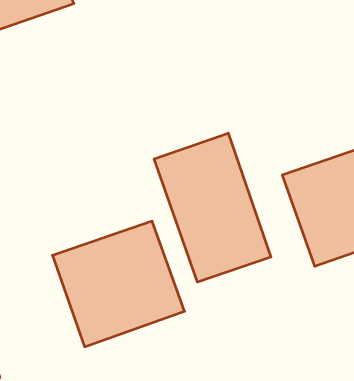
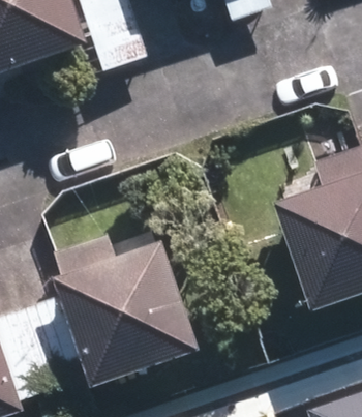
building: [154,133,271,282] -> none

